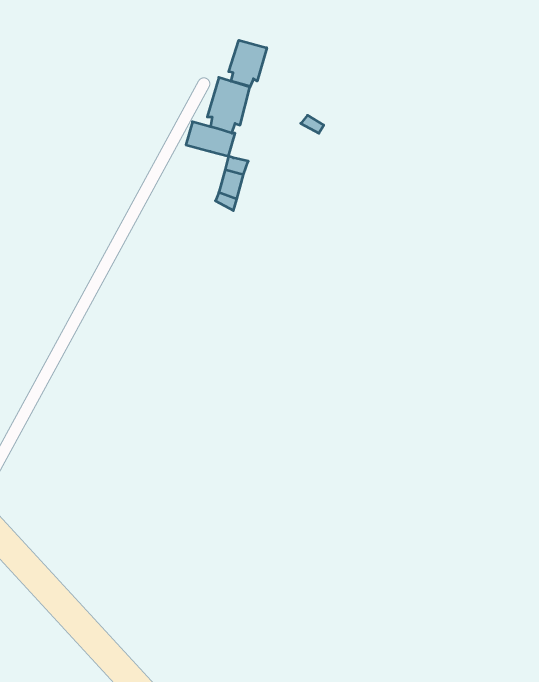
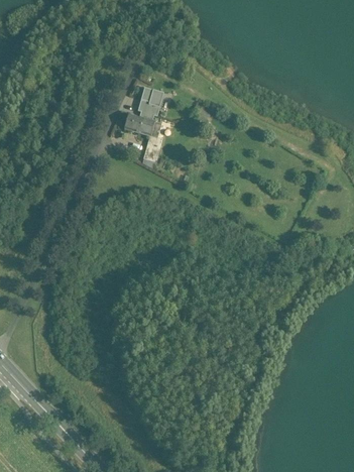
building: [229,40,267,87] -> none

